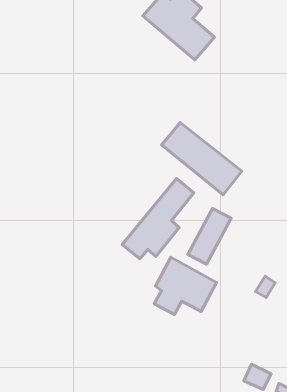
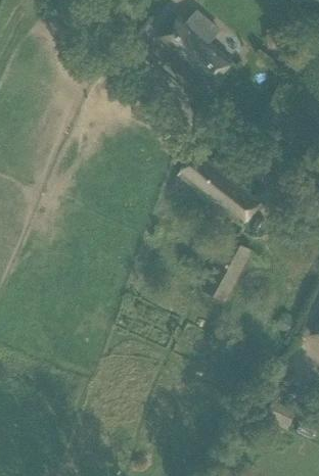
building: [122,179,194,259] -> none
building: [154,257,217,315] -> none

